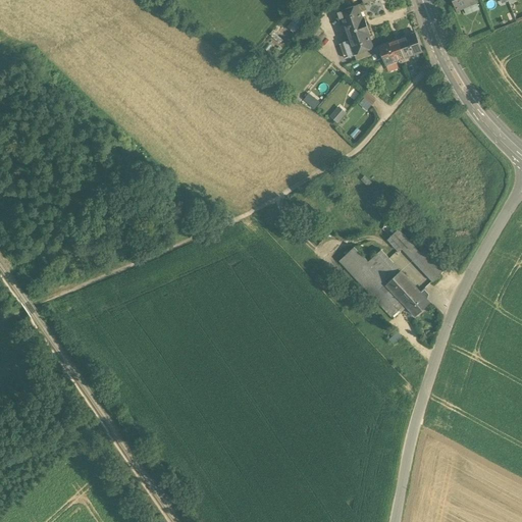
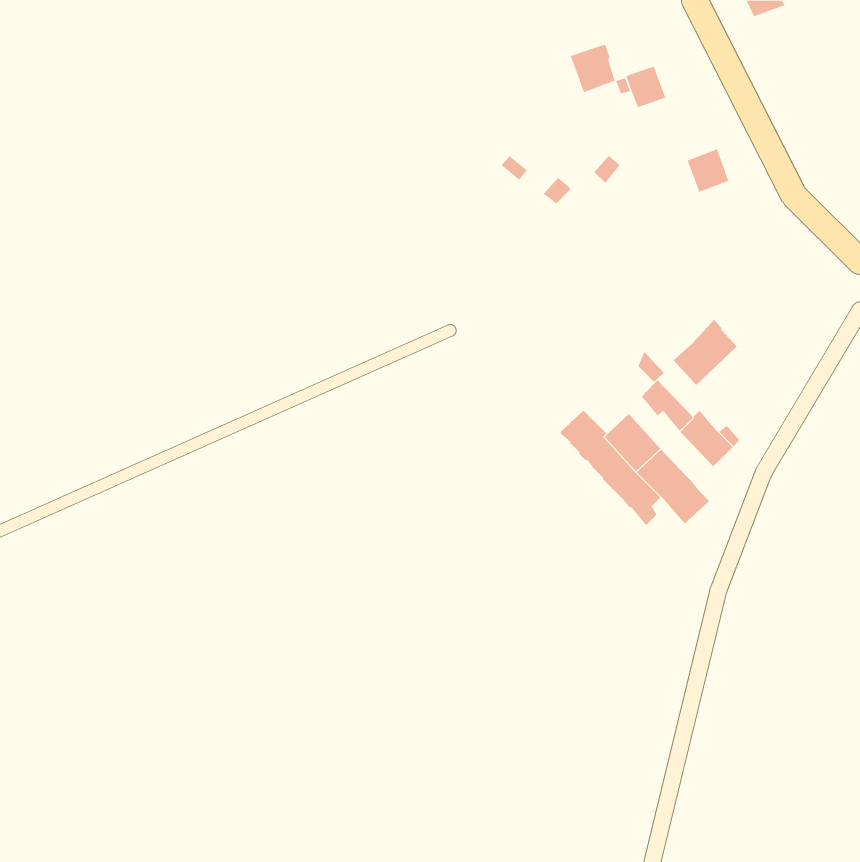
building: [337,5,366,34] -> none
building: [396,33,421,59] -> [687,149,729,192]
building: none -> [673,319,737,386]

